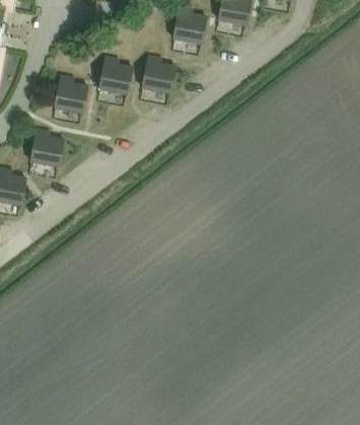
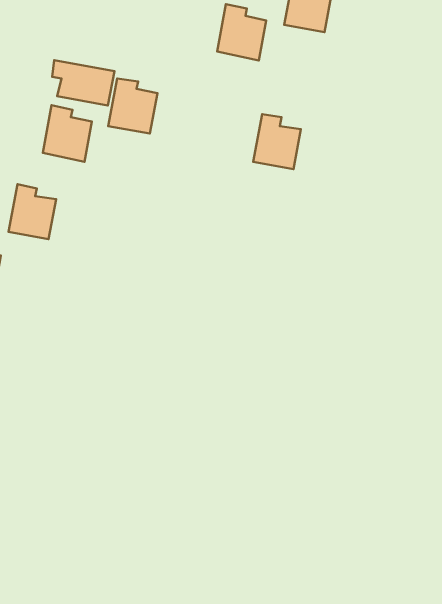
building: none -> [52,60,114,105]
building: [142,57,174,94] -> [253,114,301,169]

